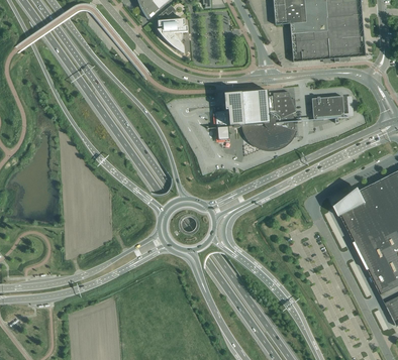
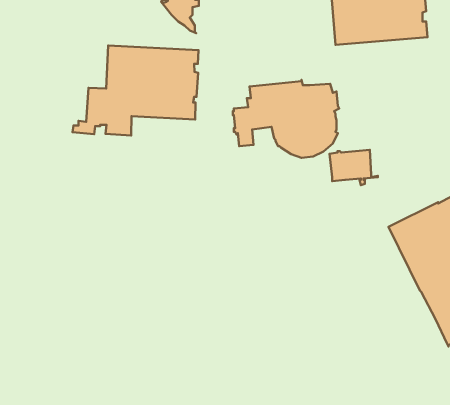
building: none -> [73,46,199,136]
building: [311,95,349,122] -> [330,150,378,185]

